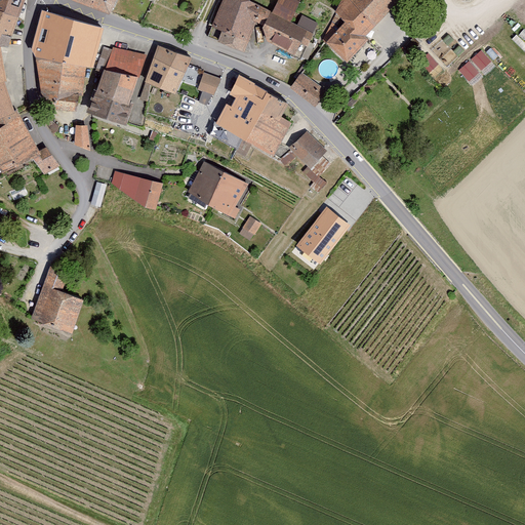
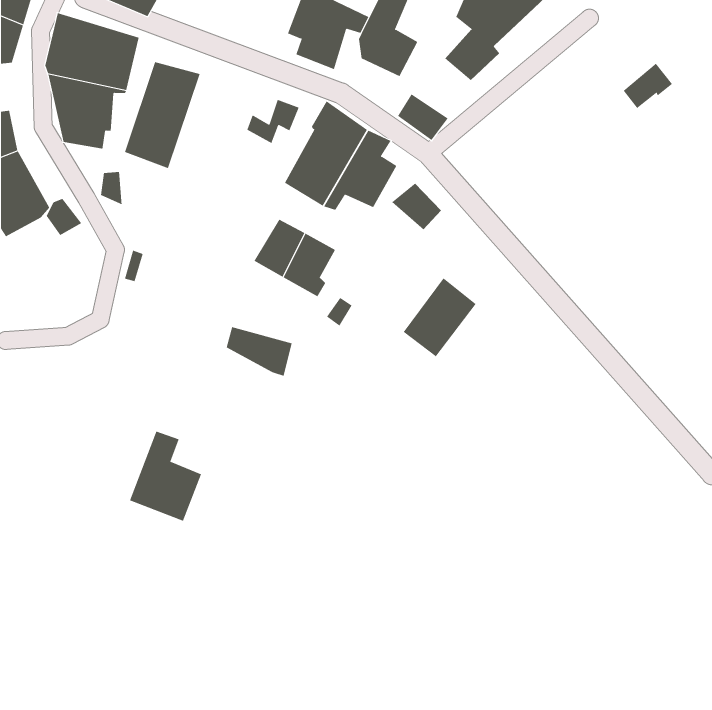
building: [147,47,189,92] -> none
building: [113,171,162,208] -> [226,326,293,377]
building: [30,267,83,333] -> [129,431,202,521]

